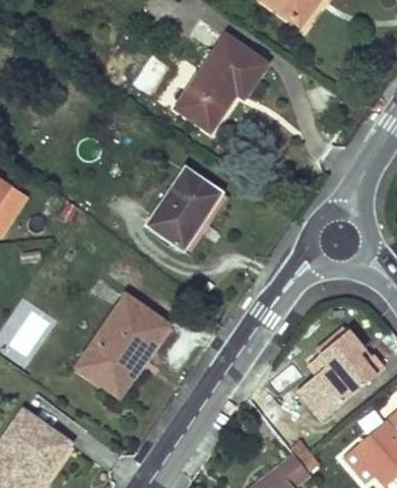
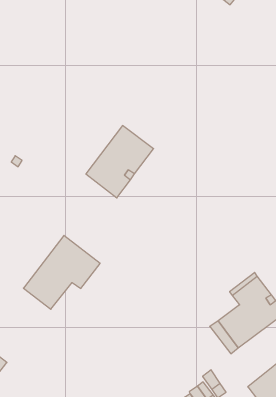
building: [177,36,267,130] -> none
building: [77,349,148,396] -> none

